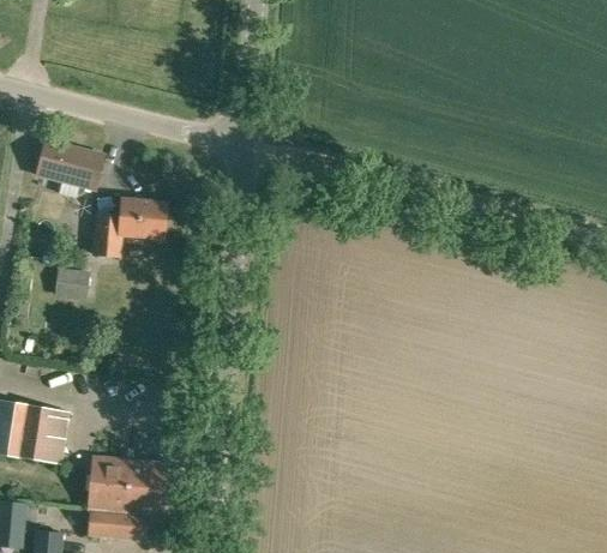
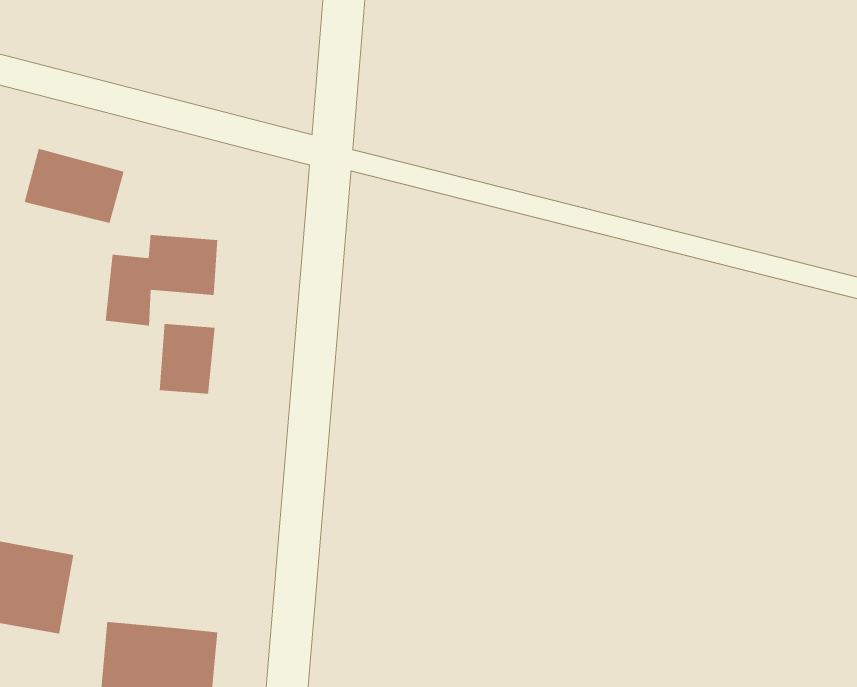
building: none -> [159,323,215,394]
building: [55,269,88,300] -> none

